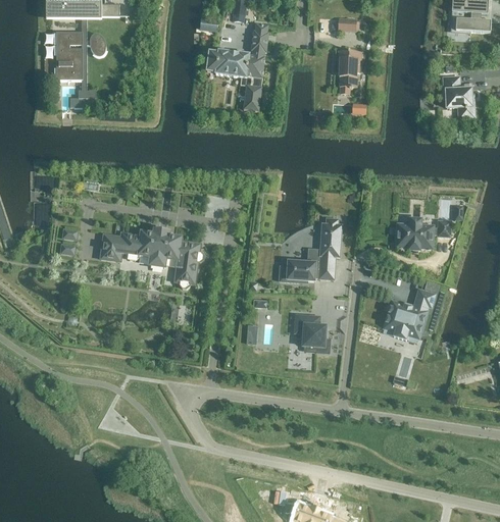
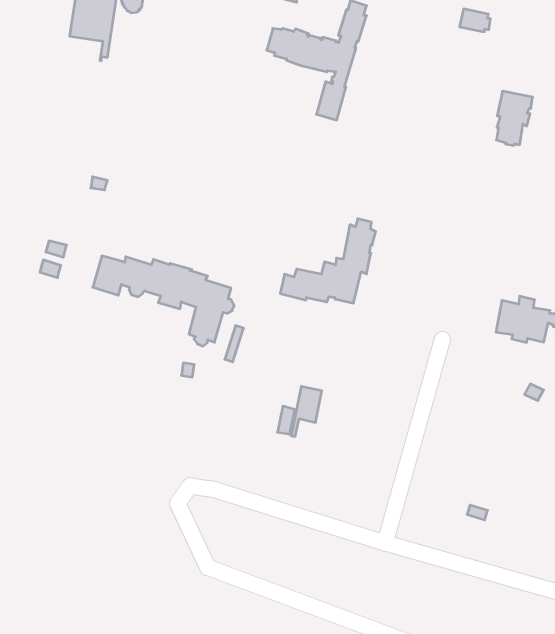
building: [337,49,360,87] -> [496,91,533,145]
building: [279,217,341,281] -> [280,219,376,303]
building: [384,290,434,338] -> none
building: [294,314,330,352] -> none

